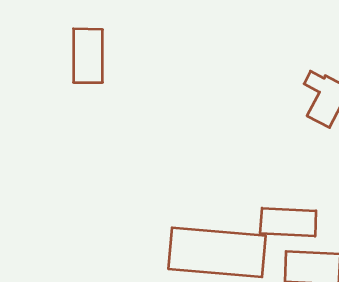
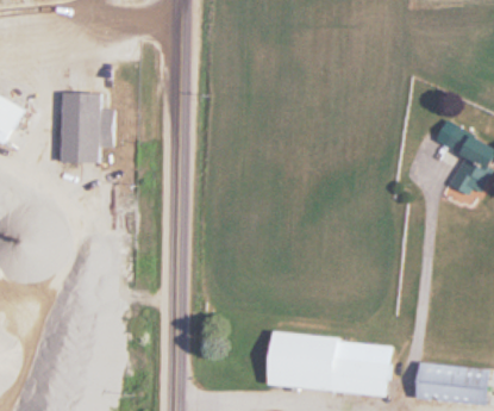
building: [73,29,103,82] -> [63,92,101,162]
building: [260,208,316,236] -> none

